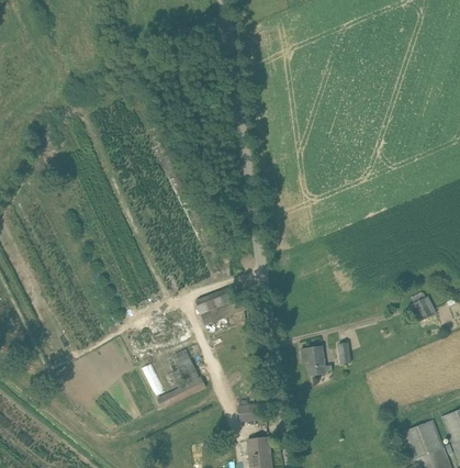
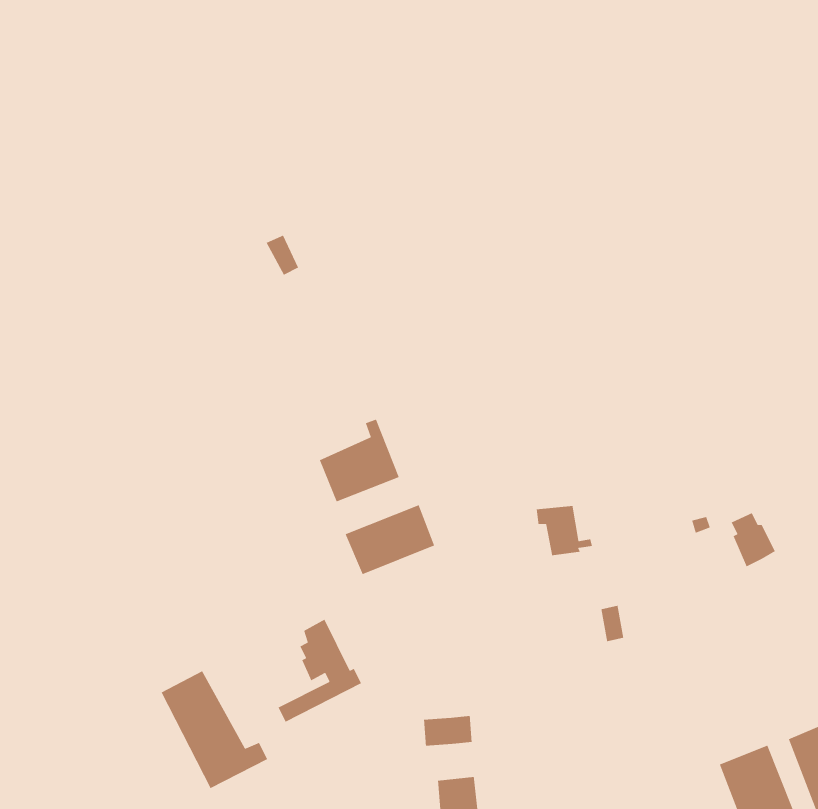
building: none -> [319,419,400,503]
building: [301,346,333,375] -> [536,505,593,556]
building: none -> [160,670,268,789]

